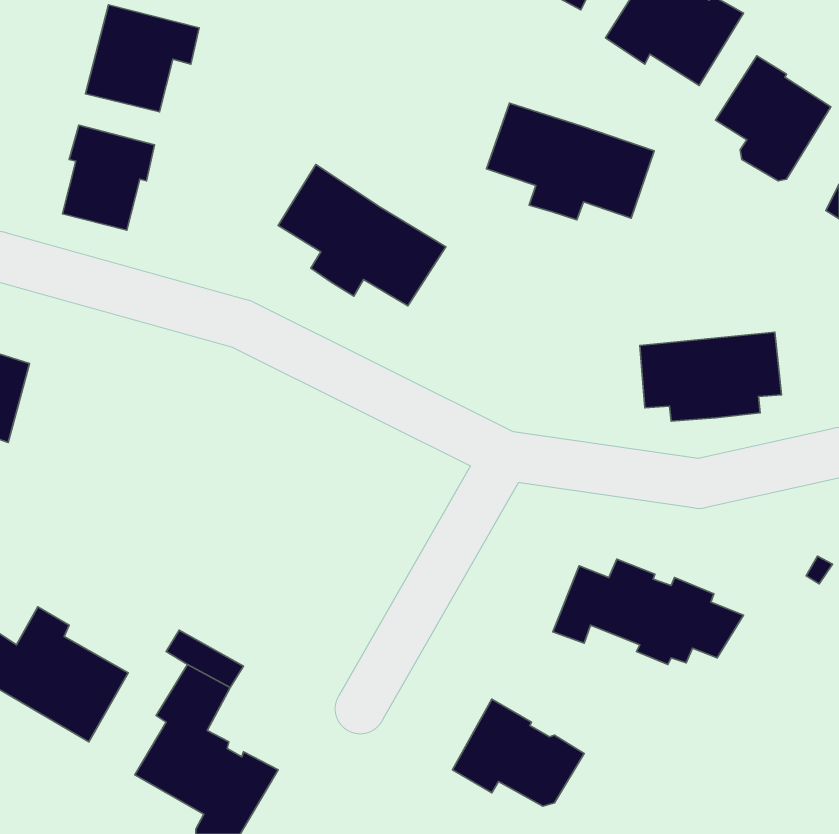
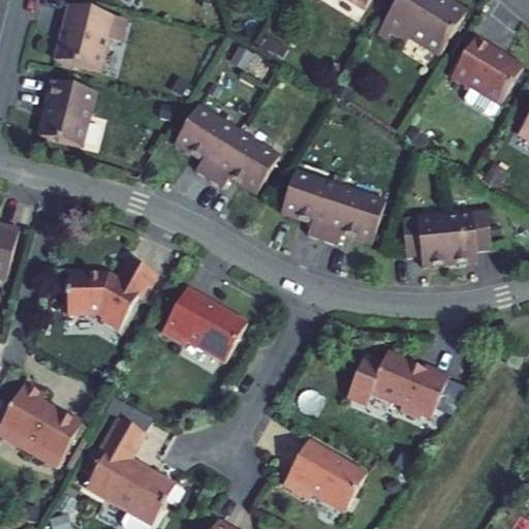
building: [486,103,654,220] -> [280,169,385,243]
building: none -> [66,257,157,329]
building: none -> [161,287,247,361]

